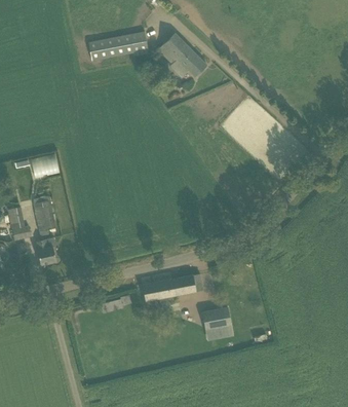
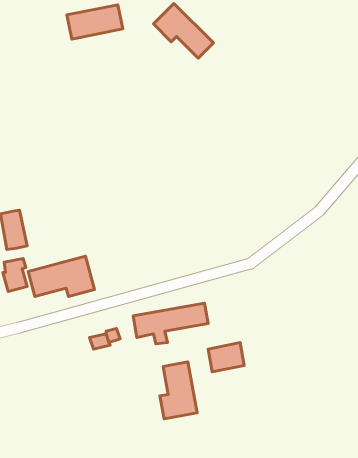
building: none -> [28,256,95,297]
building: none -> [160,362,197,419]

